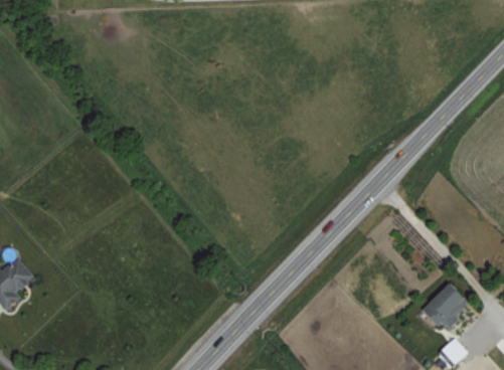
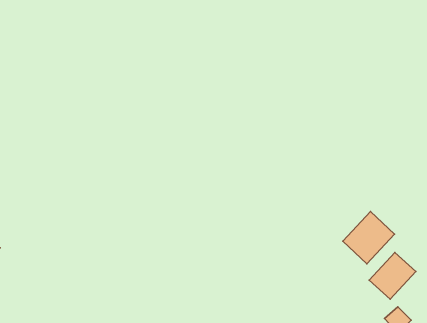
building: none -> [343,211,395,264]

